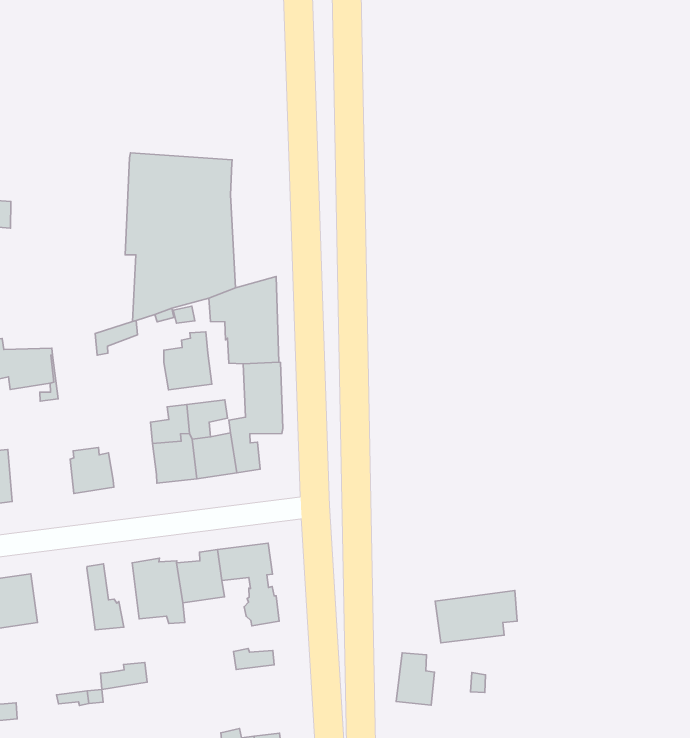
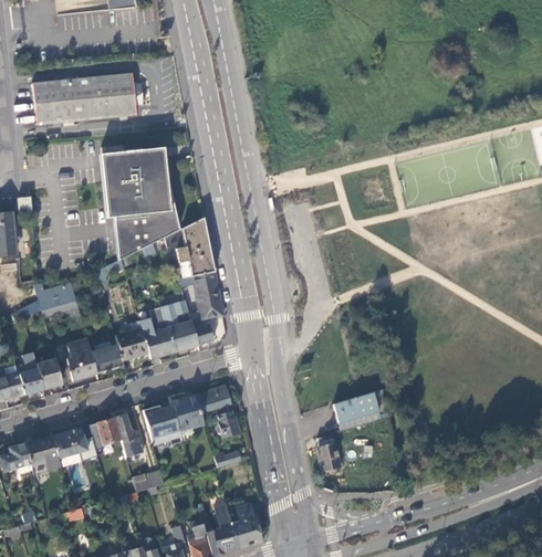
building: none -> [33,73,144,126]
building: [164,332,212,390] -> [114,320,147,360]
building: none -> [65,338,95,380]
building: none -> [94,418,119,445]

